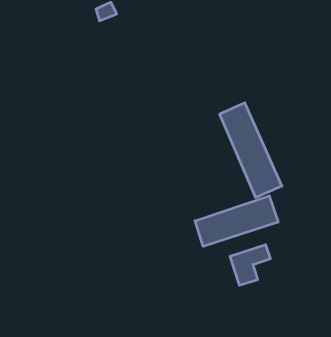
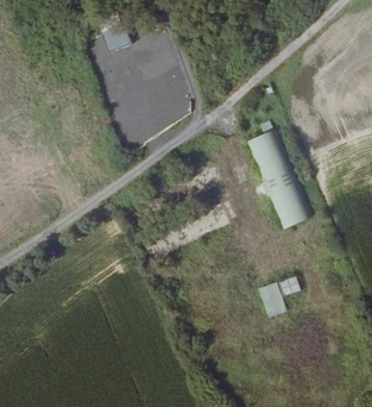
building: [195,196,278,246] -> none

